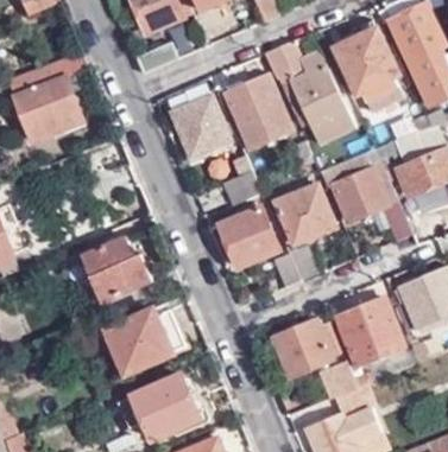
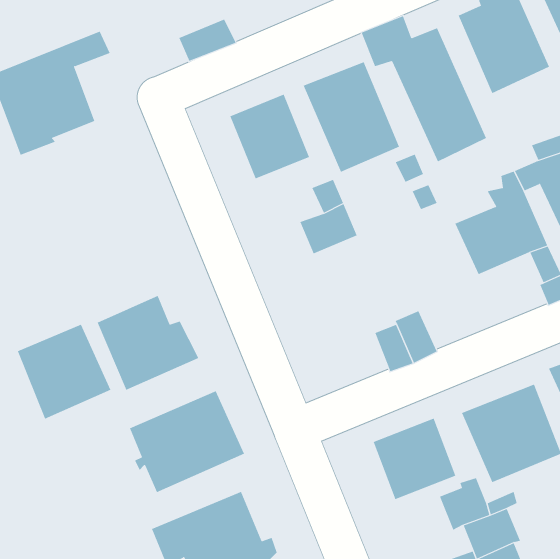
building: [272,185,333,244] -> none
building: [220,205,279,269] -> none
building: none -> [17,324,111,420]

